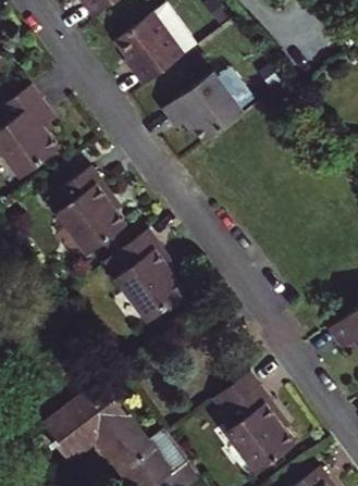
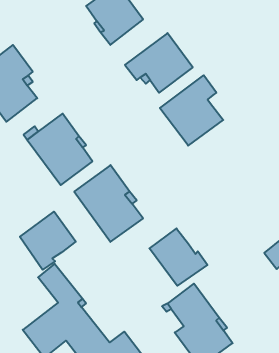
building: none -> [160,75,223,146]
building: none -> [20,212,76,270]
building: none -> [149,228,207,286]

